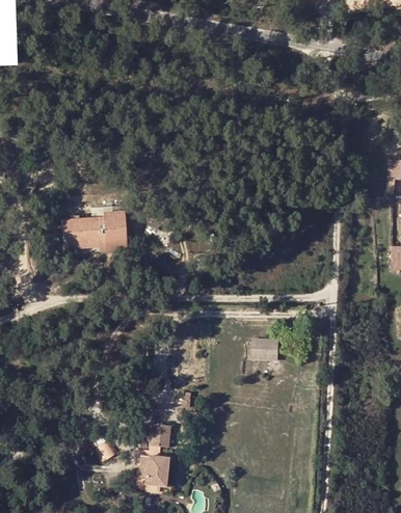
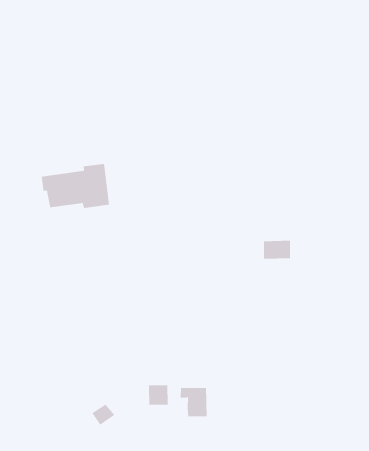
building: [250,343,278,361] -> [263,240,291,259]
building: [141,458,168,488] -> [180,388,208,417]

